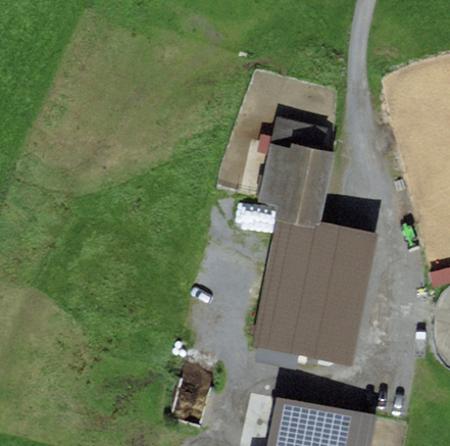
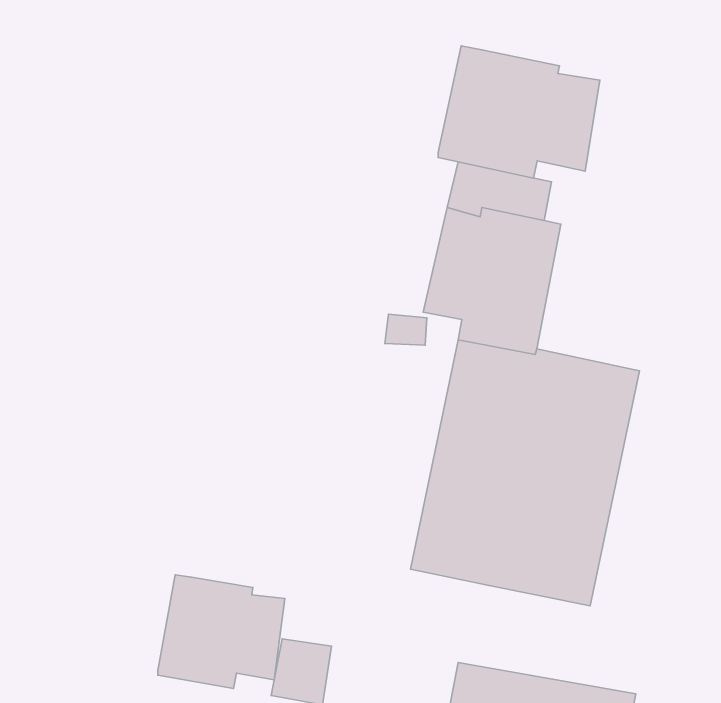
building: none -> [438,46,600,178]
building: none -> [158,575,285,689]

